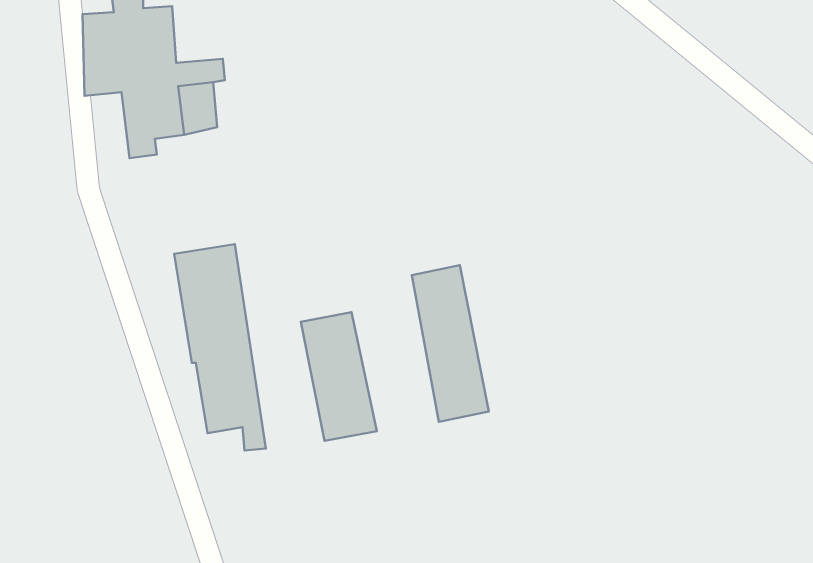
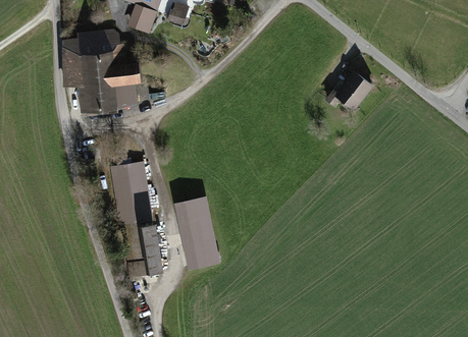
building: none -> [336,71,371,106]
building: [412,265,489,422] -> none

